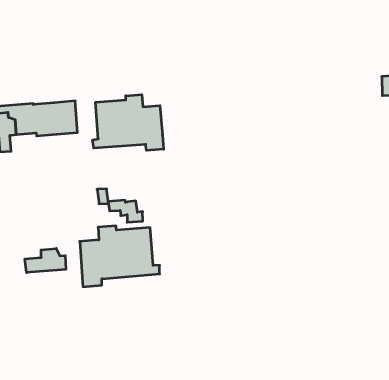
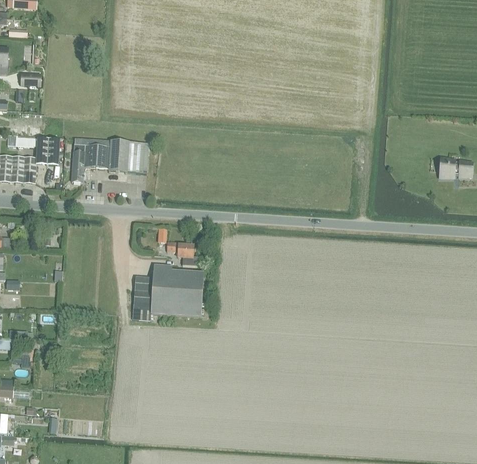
building: [93,95,164,150] -> none
building: [25,248,66,273] -> none

